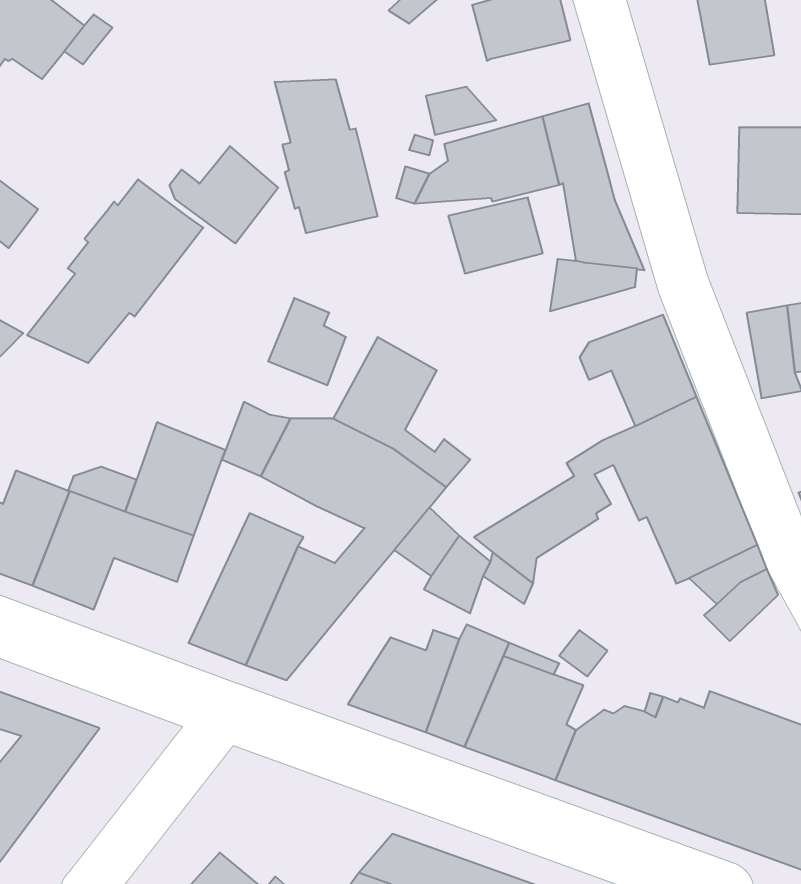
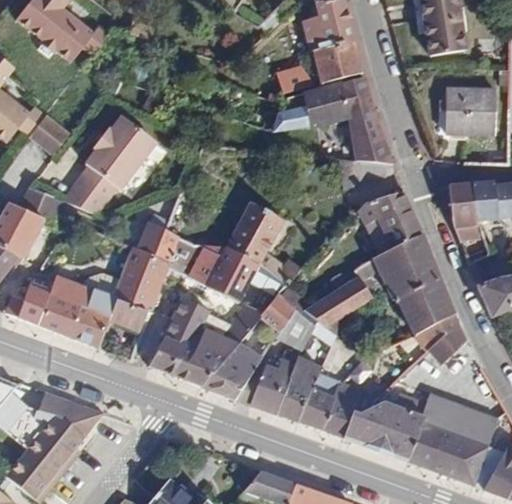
building: [275,79,378,233] -> none
building: [170,146,278,243] -> none
building: [448,197,543,273] -> [312,41,363,82]
building: [268,298,346,385] -> [137,215,179,262]
building: none -> [202,341,264,399]

